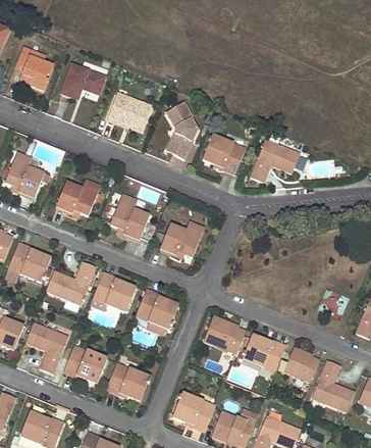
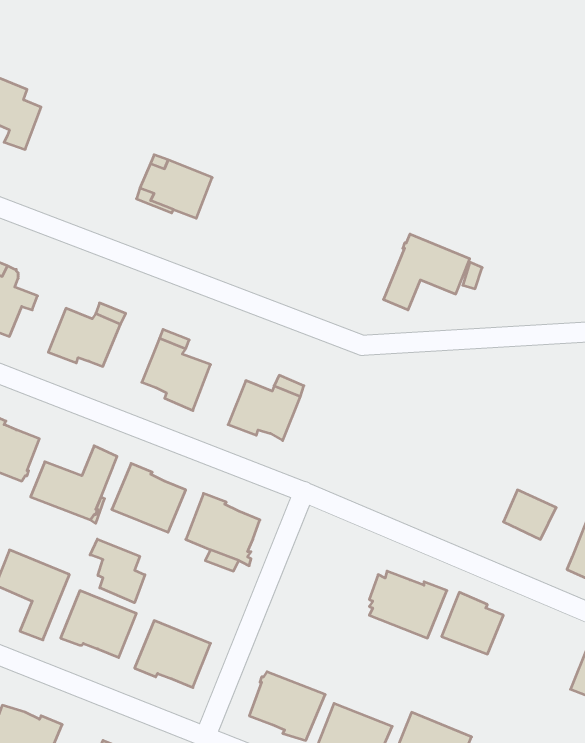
building: [60,63,105,99] -> none
building: [165,101,198,159] -> none
building: [202,134,246,175] -> none
building: none -> [90,539,145,603]
building: [203,315,246,354] -> none
building: [312,360,355,411] -> none

